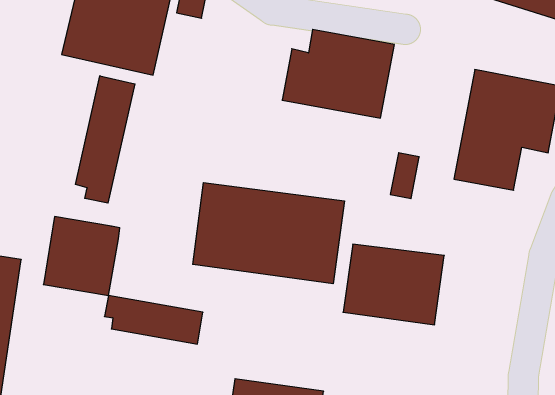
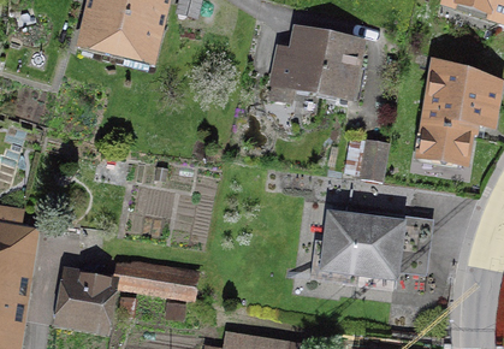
building: [75,76,135,203] -> none
building: [193,183,344,284] -> none
building: [43,217,120,296] -> [53,267,119,336]

